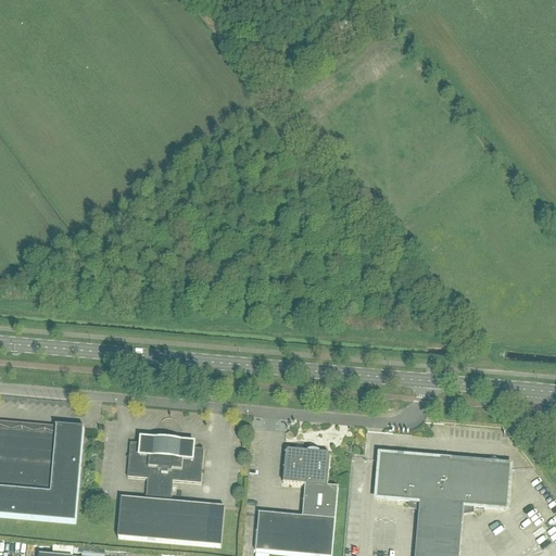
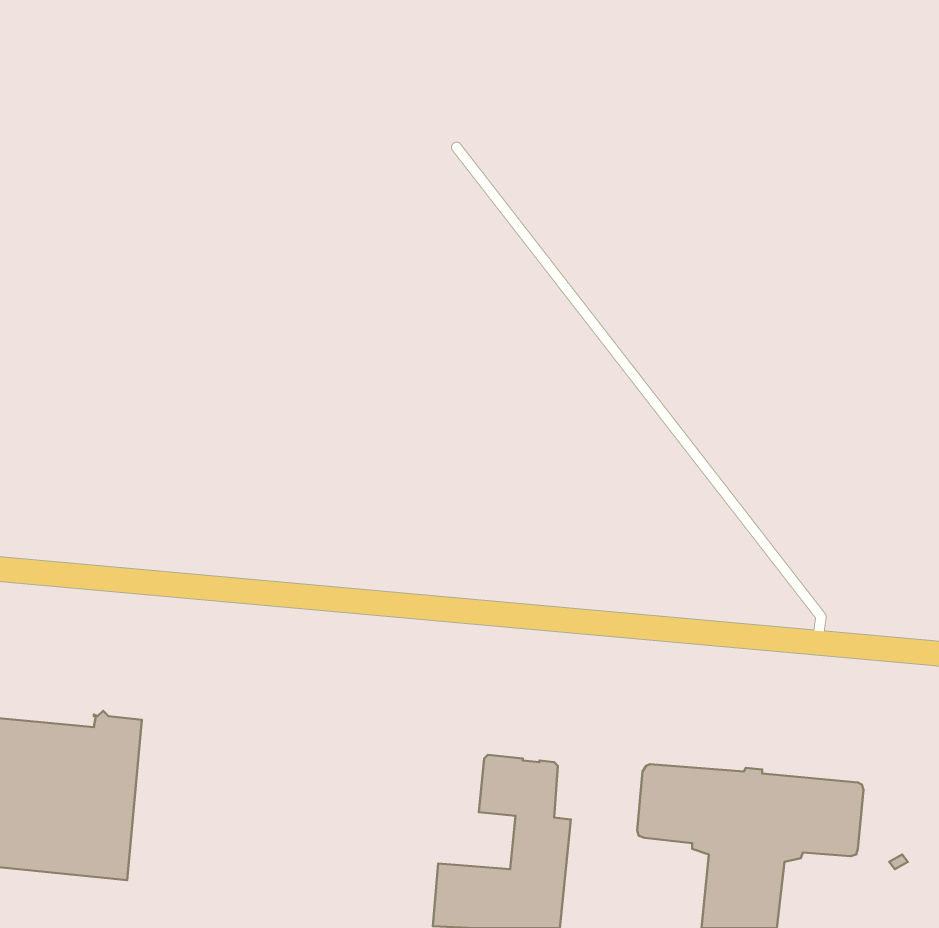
building: [117,432,224,543] -> none

